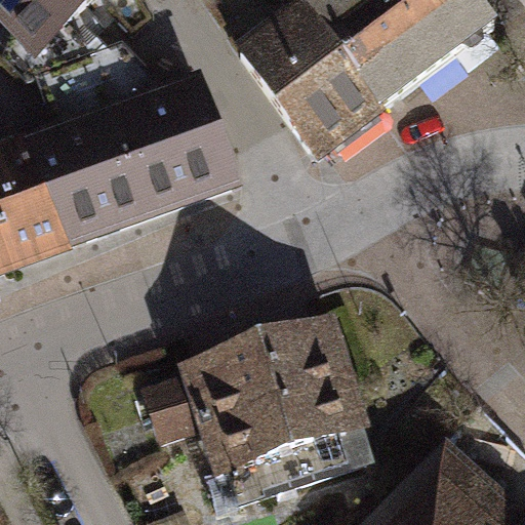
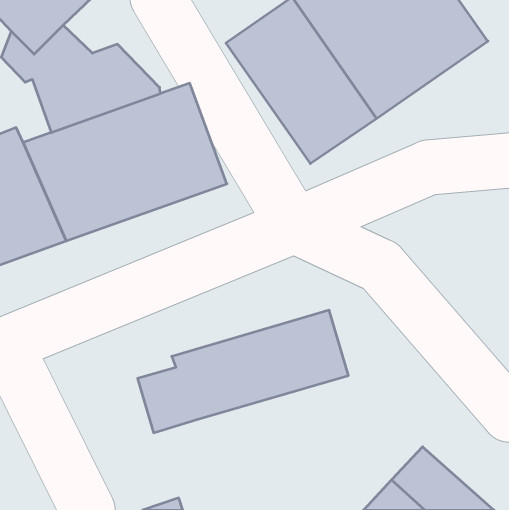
building: [201,383,378,507] -> none

